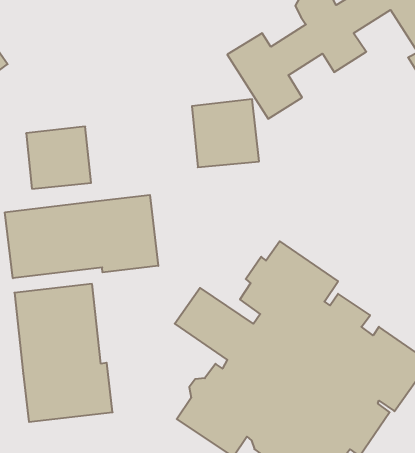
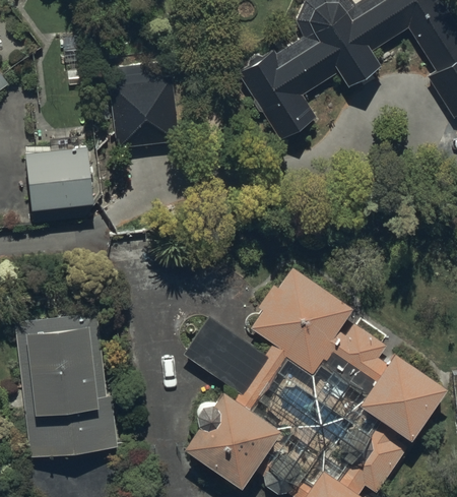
building: [192,99,259,167] -> [109,75,179,146]
building: [5,195,158,278] -> none

